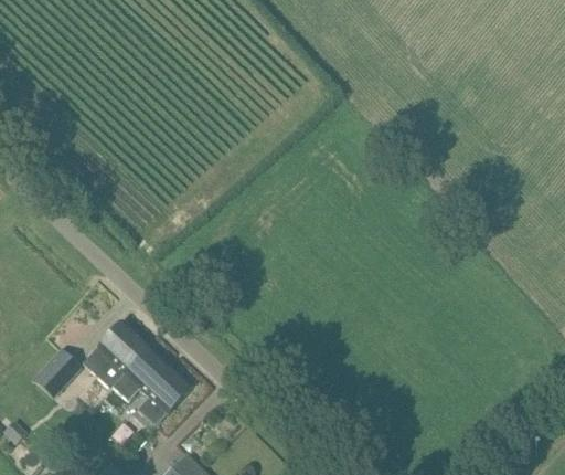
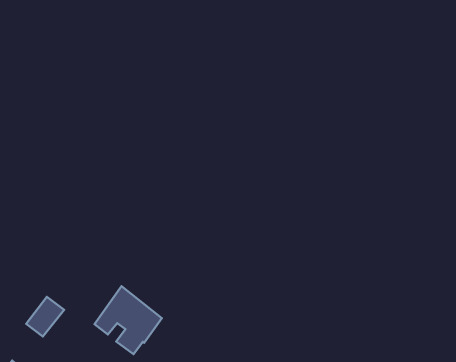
building: [83,320,148,388] -> none

